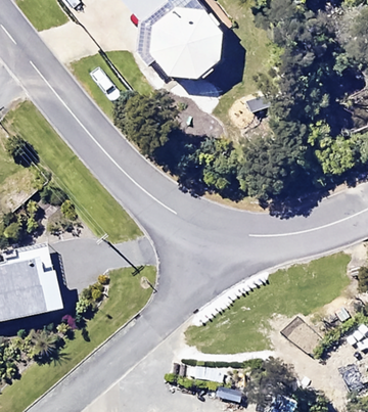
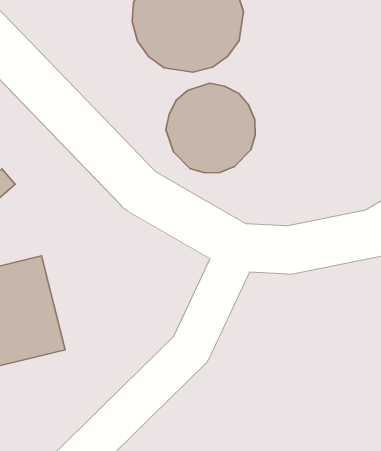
building: none -> [166,83,255,173]

